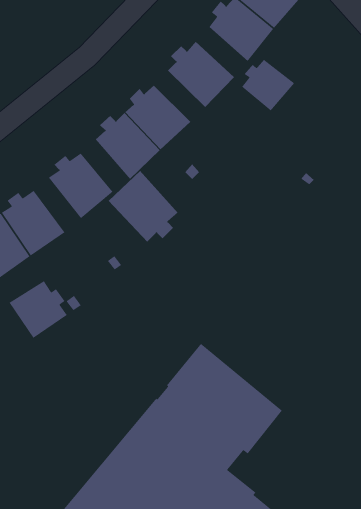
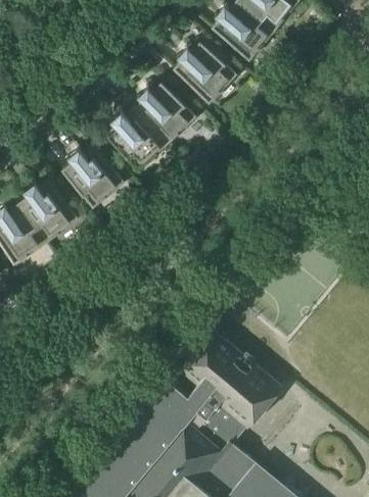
building: [241,59,295,111] -> none
building: [108,170,179,242] -> none
building: [9,280,68,339] -> none

